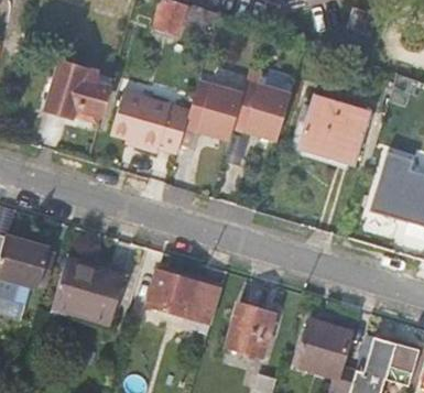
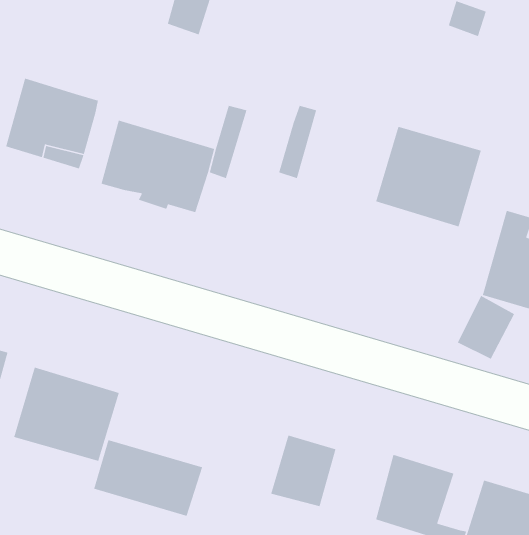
building: [197,84,242,140] -> none
building: [246,84,291,140] -> none
building: none -> [457,295,515,360]
building: [146,271,221,324] -> [93,439,203,517]

